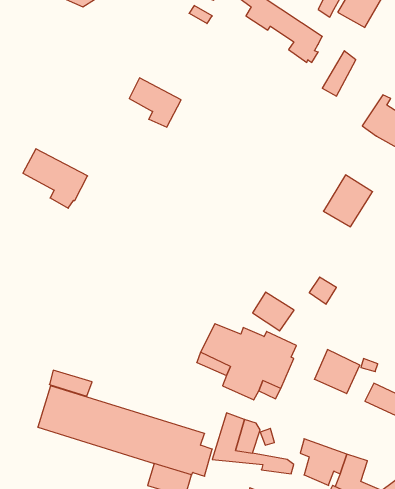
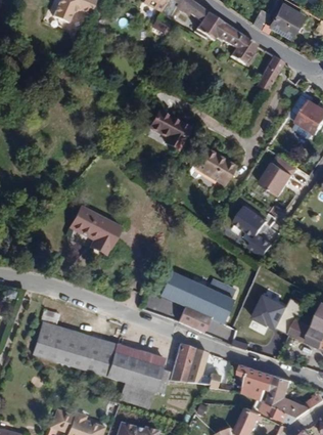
building: [129,78,181,127] -> [148,111,189,149]
building: [23,149,88,208] -> [68,207,120,254]
building: none -> [193,148,235,185]
building: [253,292,294,331] -> [232,205,265,235]

